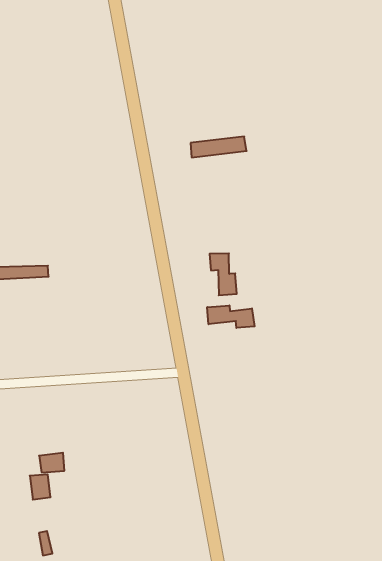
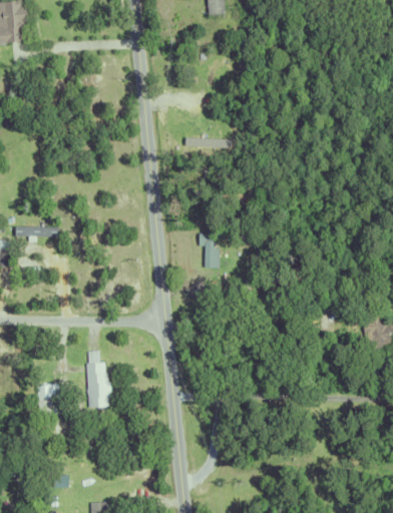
building: [207,305,255,328] -> none
building: none -> [86,361,110,405]

